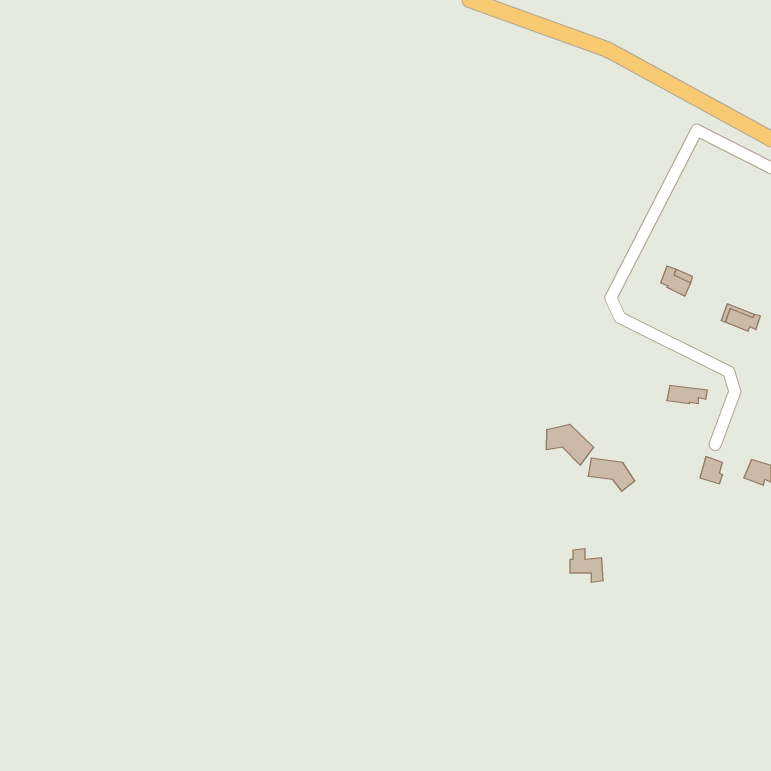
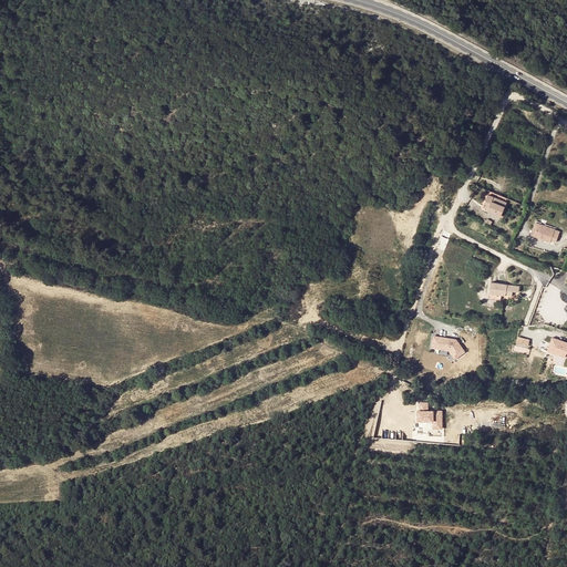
building: [546,424,594,465] -> none

